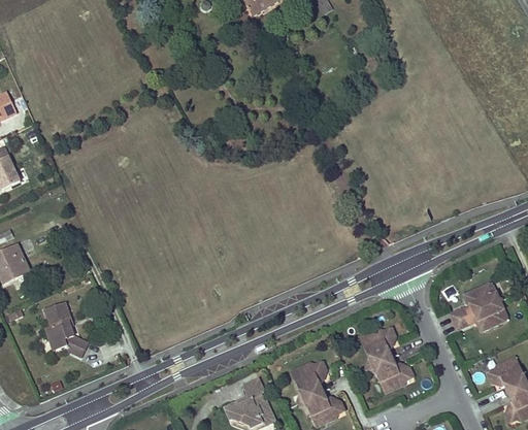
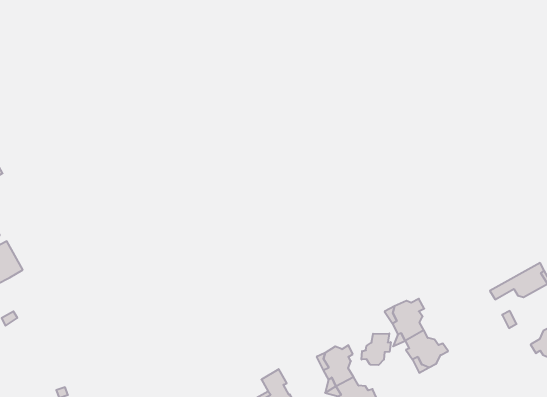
building: [449,286,500,323] -> none
building: [43,301,89,356] -> none
building: none -> [362,333,391,365]

